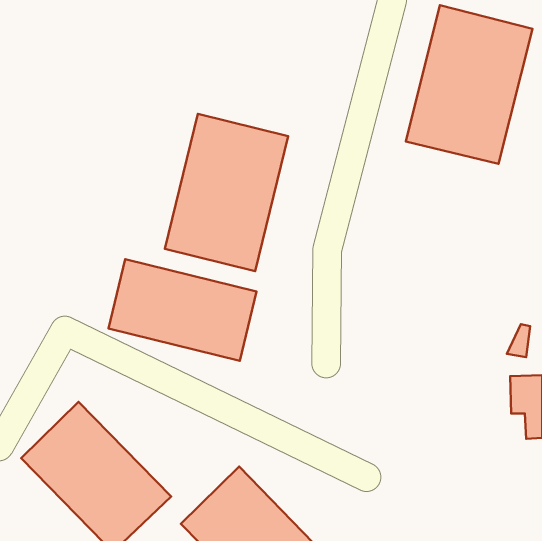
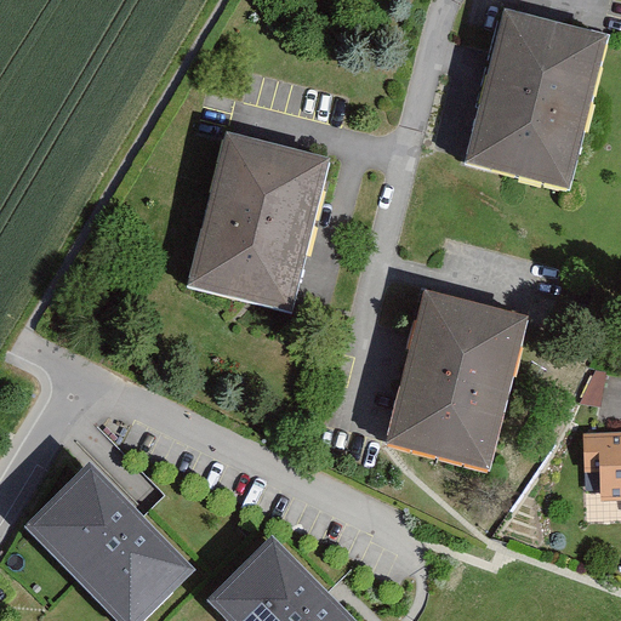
building: none -> [384,289,528,471]
building: [108,259,256,361] -> none

